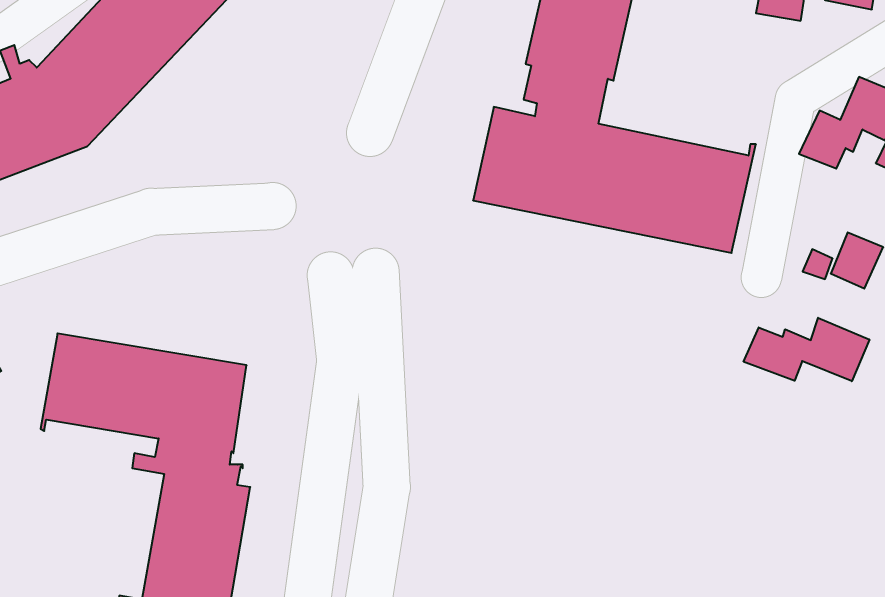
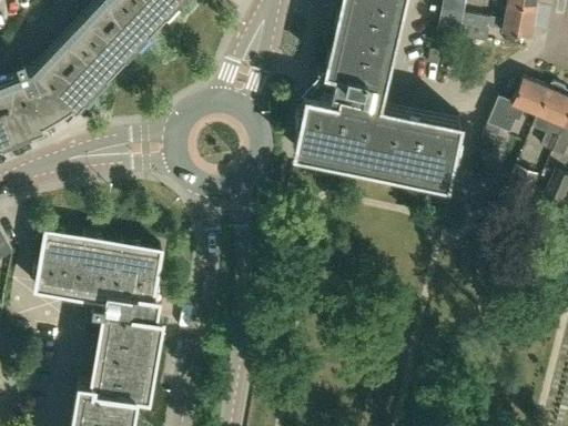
building: [744,318,869,381] -> none

